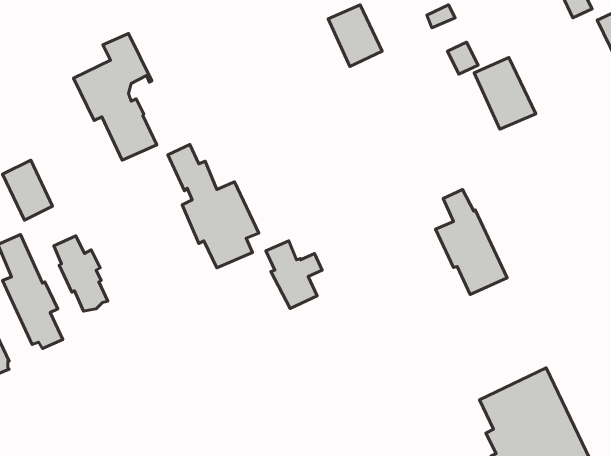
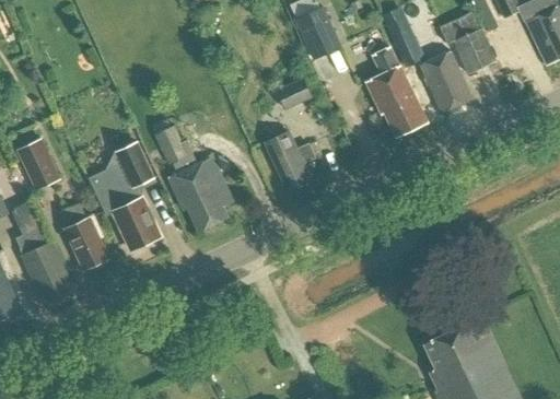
building: none -> [439,13,495,73]
building: [73,33,157,160] -> [90,141,161,249]
building: none -> [277,78,311,108]
building: [435,189,507,295] -> [365,47,427,137]
building: [266,241,322,309] -> [267,131,315,189]

